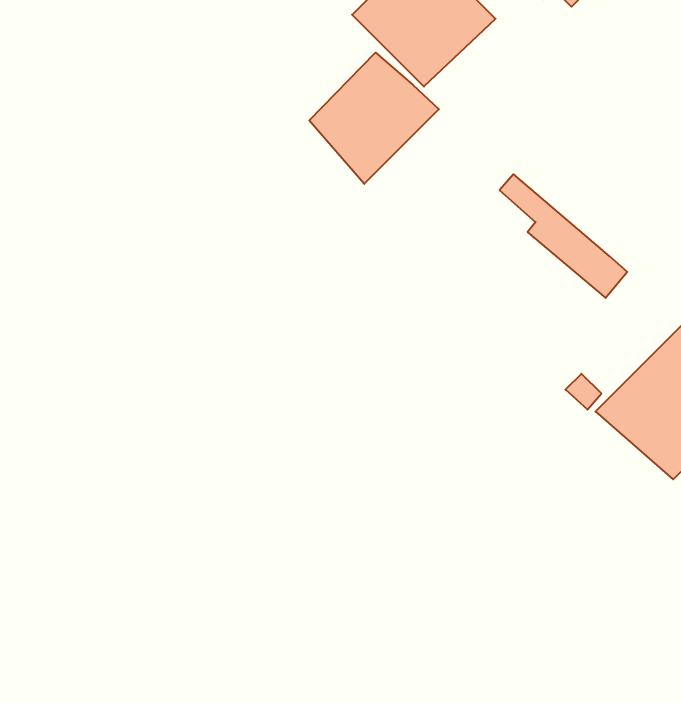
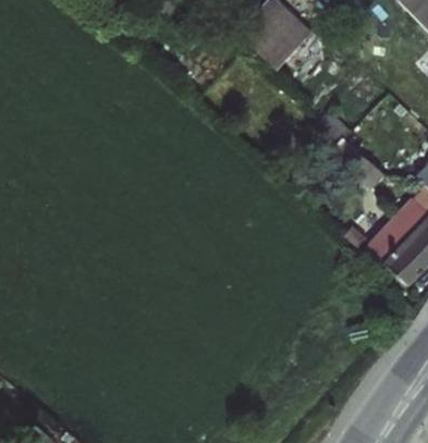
building: [309,53,439,184] -> none

